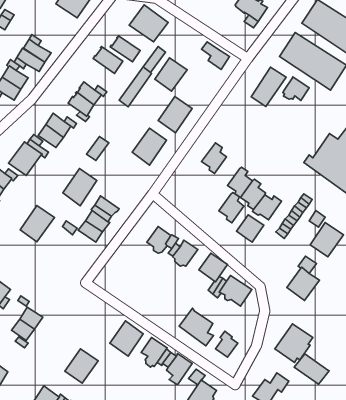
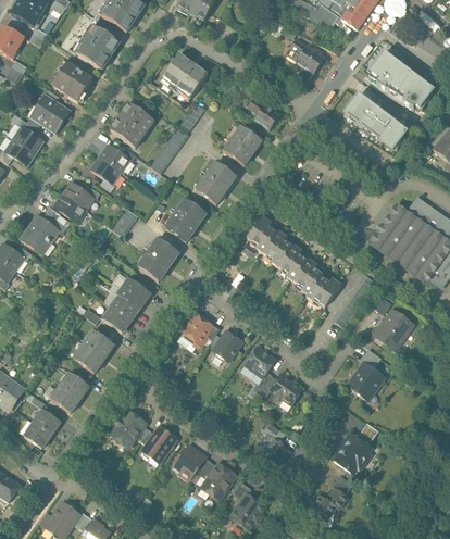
building: none -> [52,61,92,100]
building: [110,36,140,62] -> [110,116,145,147]
building: [155,58,187,91] -> [224,125,262,164]
building: [251,67,286,106] -> none
building: [283,77,309,100] -> none
building: [63,169,97,206] -> [138,237,178,280]
building: [219,192,244,223] -> [262,229,291,265]
building: [20,206,54,242] -> [74,329,114,372]
building: [236,215,264,242] -> none
building: none -> [51,371,89,411]
building: [179,308,213,346] -> none
building: [65,349,98,383] -> [109,408,148,448]
building: [294,354,329,384] -> none

